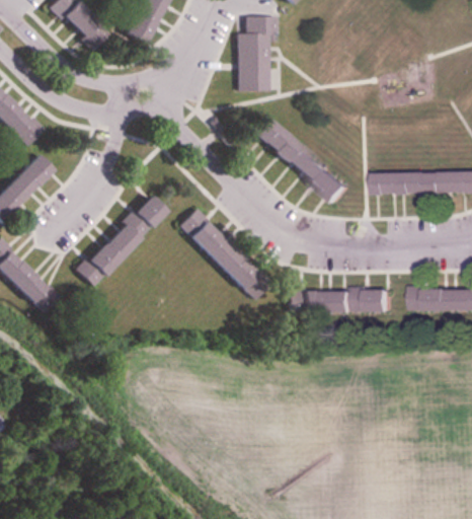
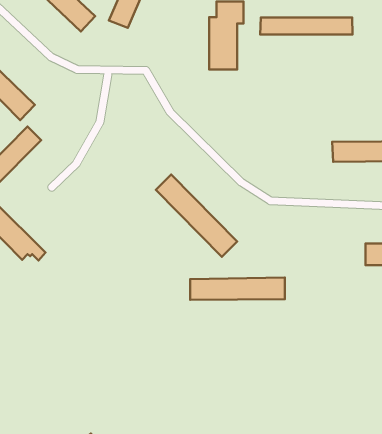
building: none -> [260,17,352,35]
building: [252,119,352,204] -> none
building: [76,195,167,286] -> none
building: [290,288,396,313] -> [190,277,285,300]

